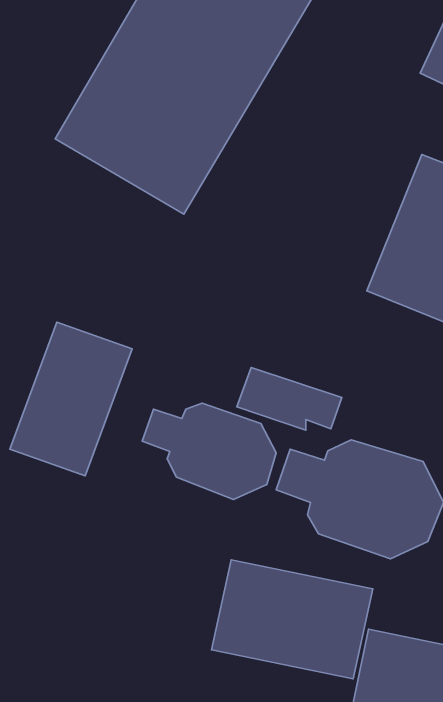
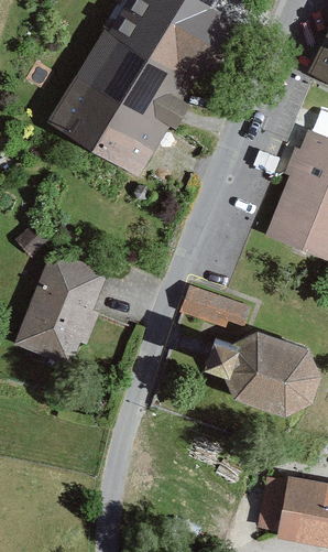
building: [142,403,276,500] -> none
building: [211,560,373,679] -> none

